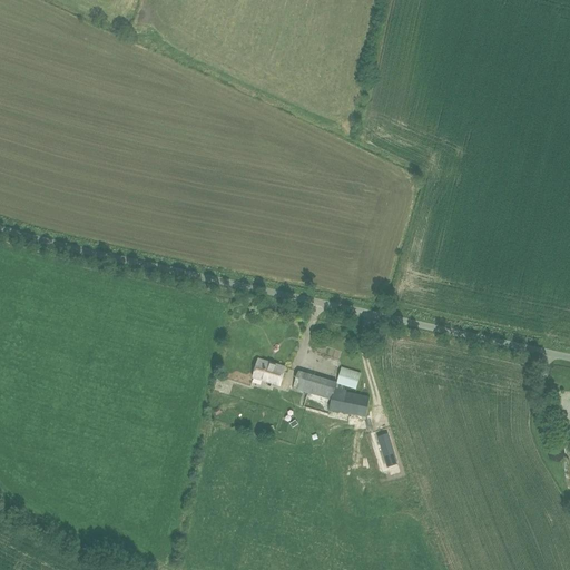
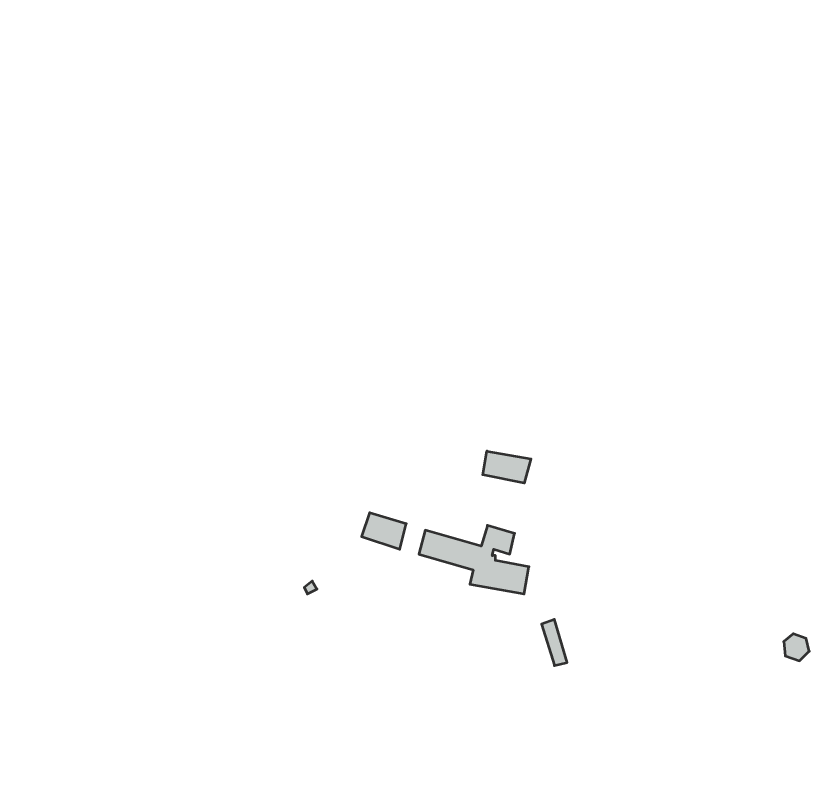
building: none -> [483,451,531,483]

